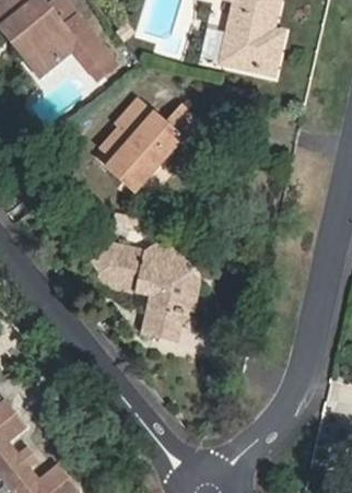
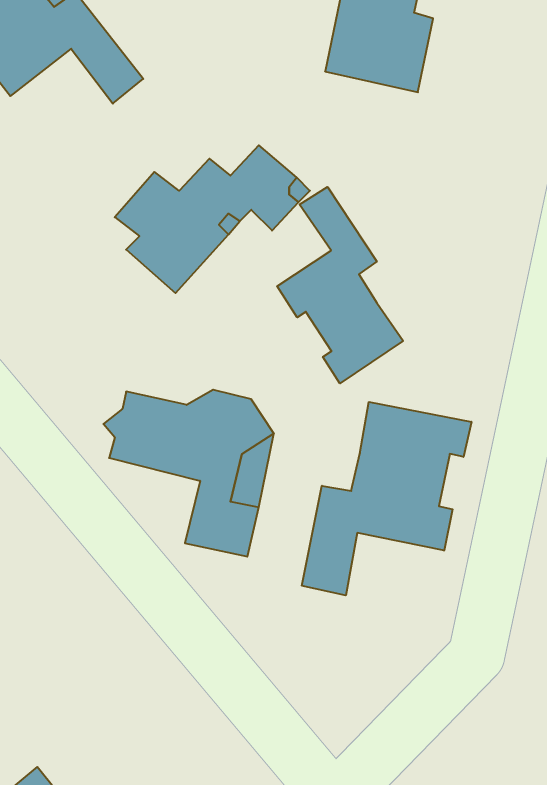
building: none -> [277,187,403,383]
building: none -> [302,402,471,595]

